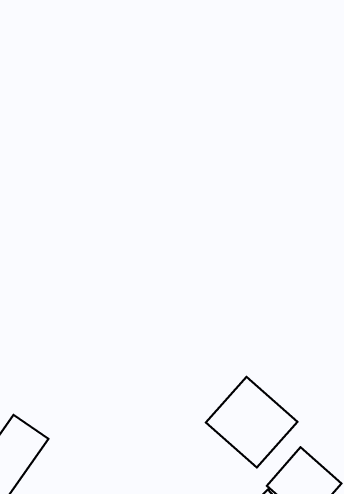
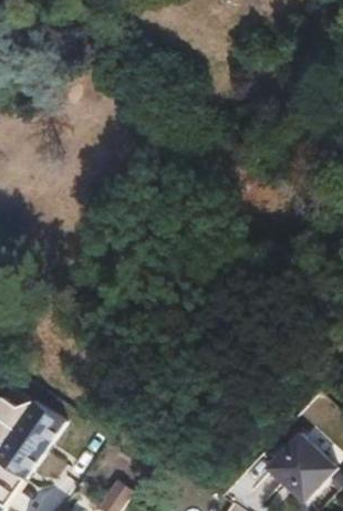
building: [206,377,297,468] -> none

